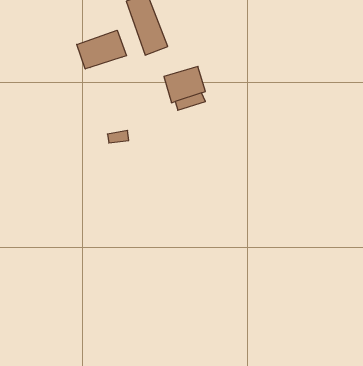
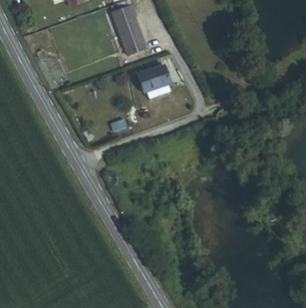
building: [77,30,126,69] -> none

